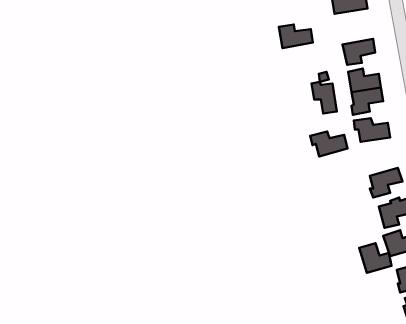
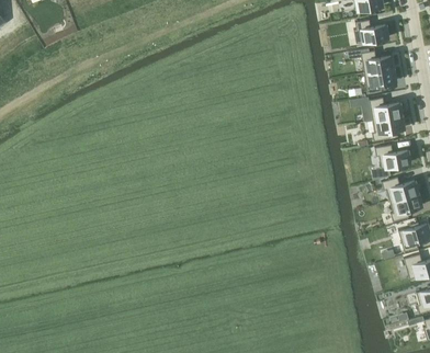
building: [279,24,313,48] -> [362,50,395,73]
building: [311,82,337,113] -> none
building: [310,131,348,156] -> [383,176,419,201]
building: [359,243,391,273] -> none

